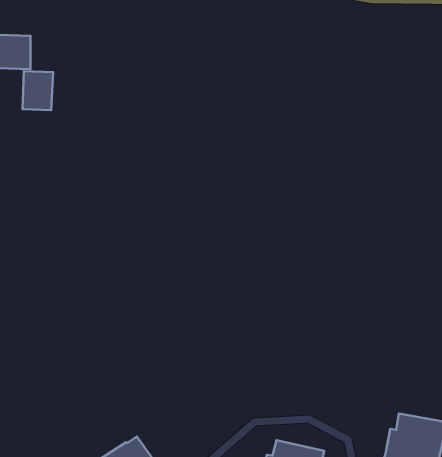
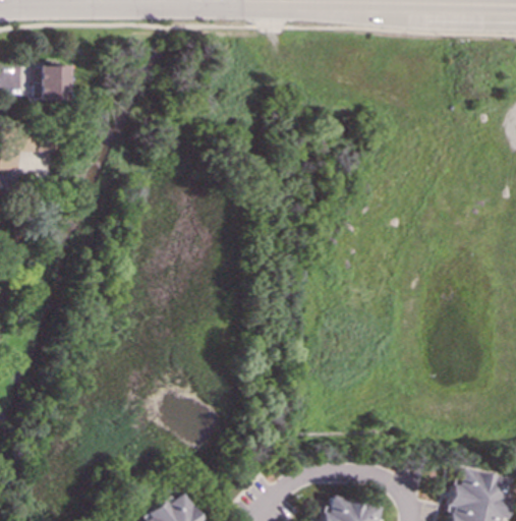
building: [23,71,53,110] -> none

